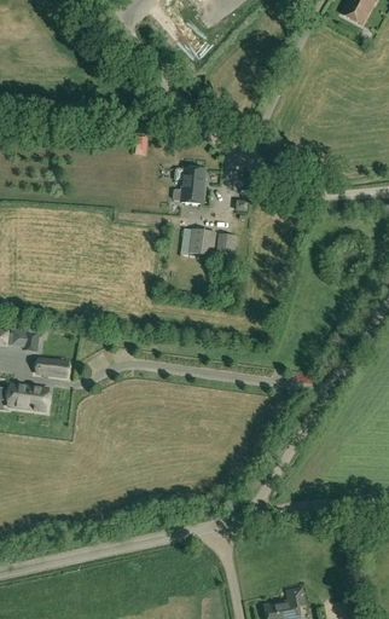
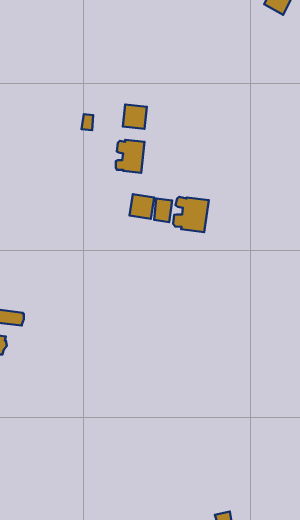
building: none -> [123,104,147,129]
building: none -> [173,197,209,232]

